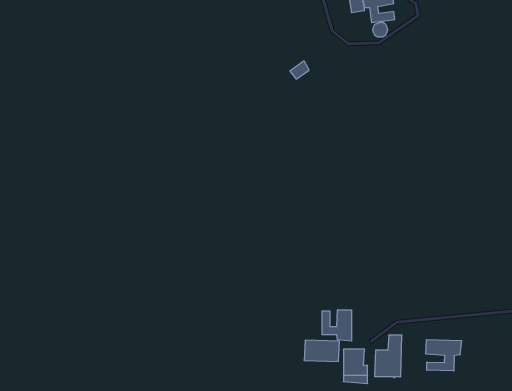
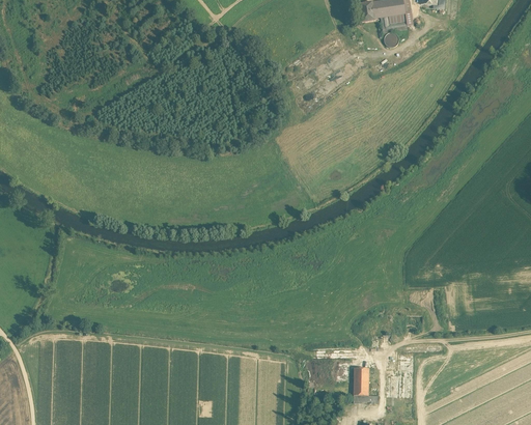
building: [322,310,351,341] -> none
building: [426,340,462,371] -> none

